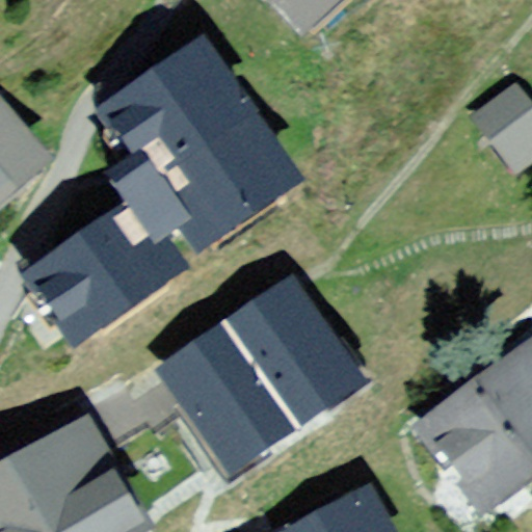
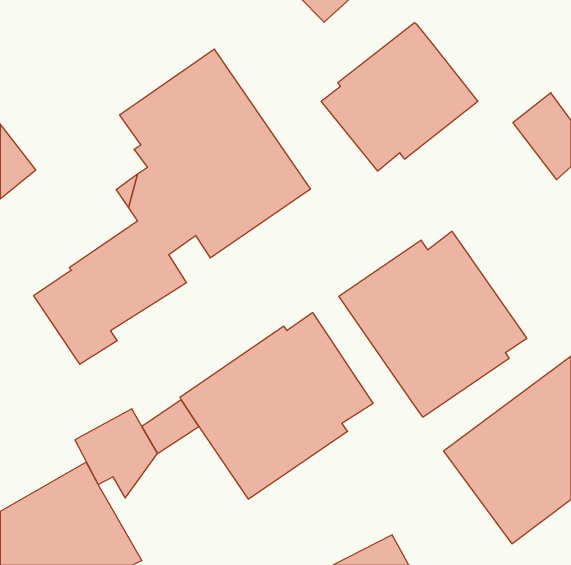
building: none -> [321,22,478,171]
building: none -> [339,231,527,417]

